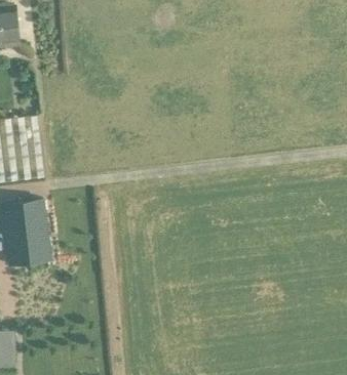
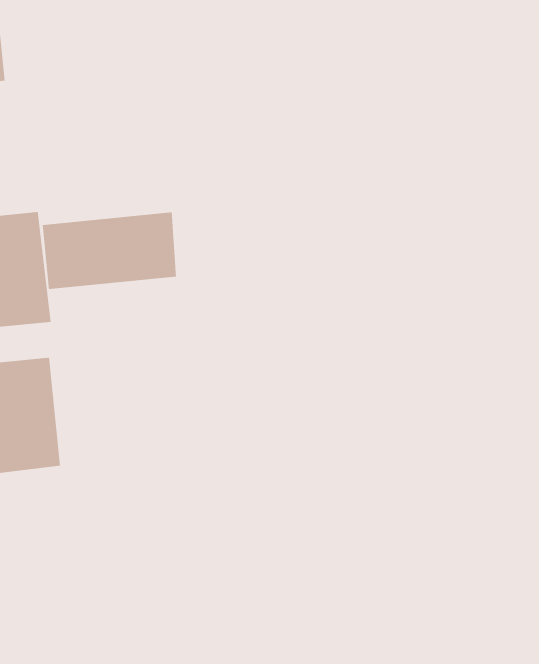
building: none -> [42,212,176,290]

